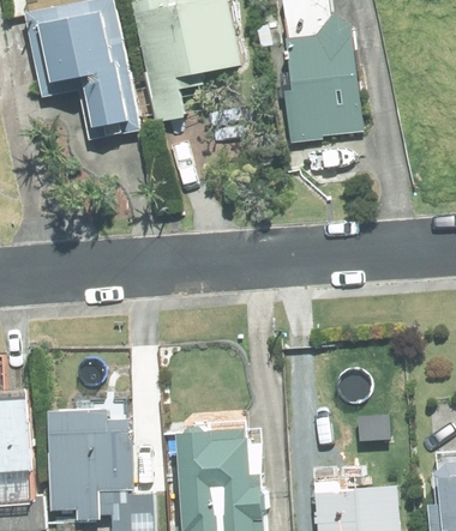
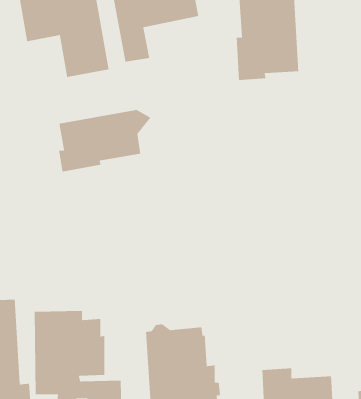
building: none -> [58,109,151,173]

